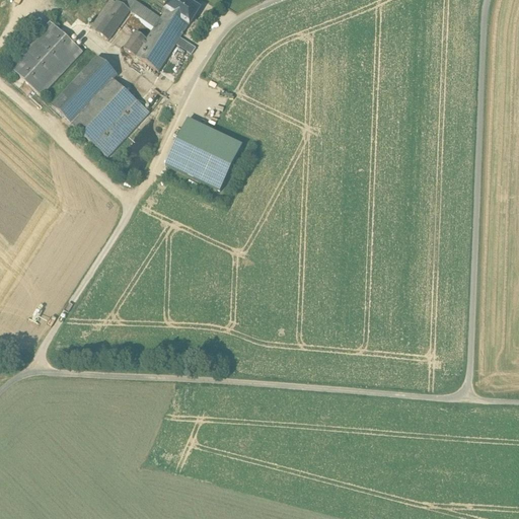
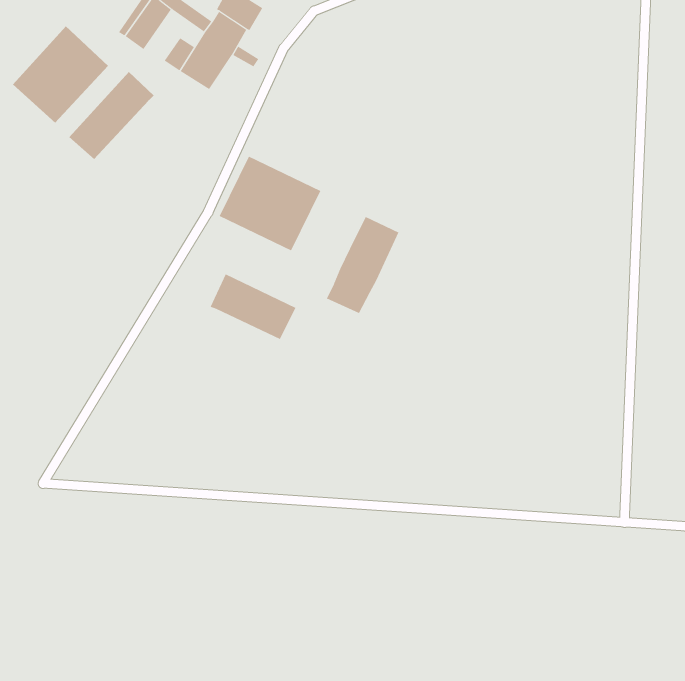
building: [72,76,150,155] -> none
building: none -> [326,216,399,314]
building: none -> [210,273,296,340]

